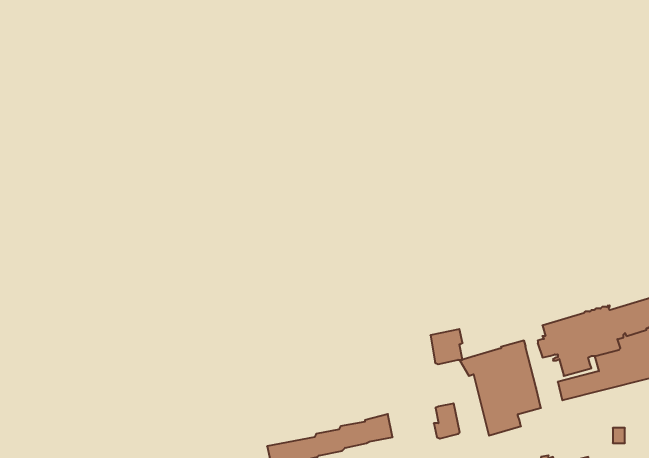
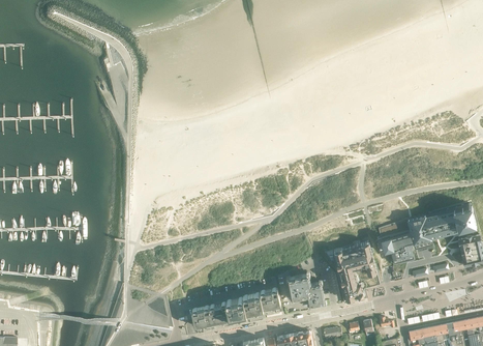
building: [430,329,463,364] -> [288,273,309,297]

